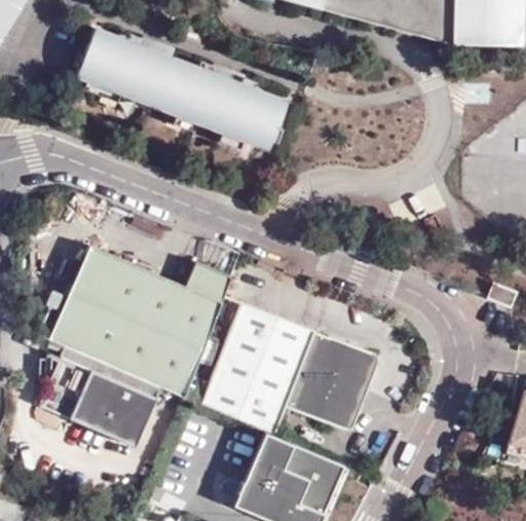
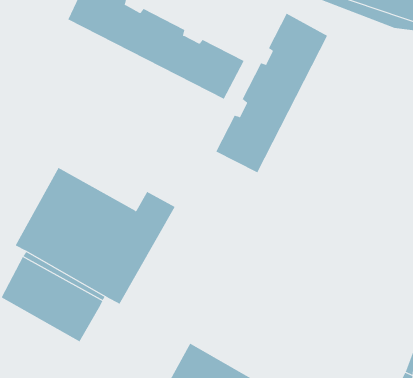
building: none -> [216,13,328,173]
building: [204,298,380,433] -> none

